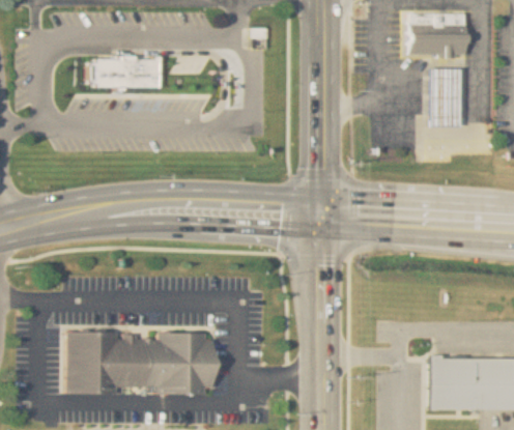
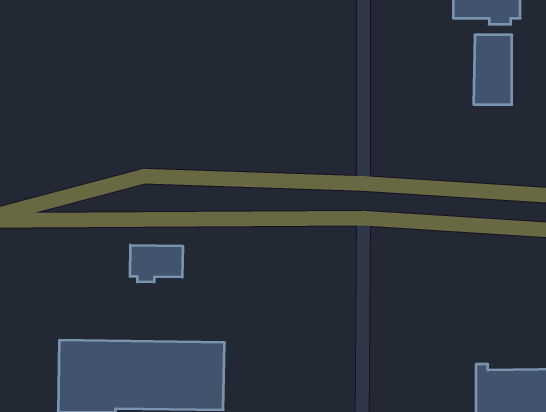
building: [88,51,166,89] -> none
building: none -> [130,245,183,282]

